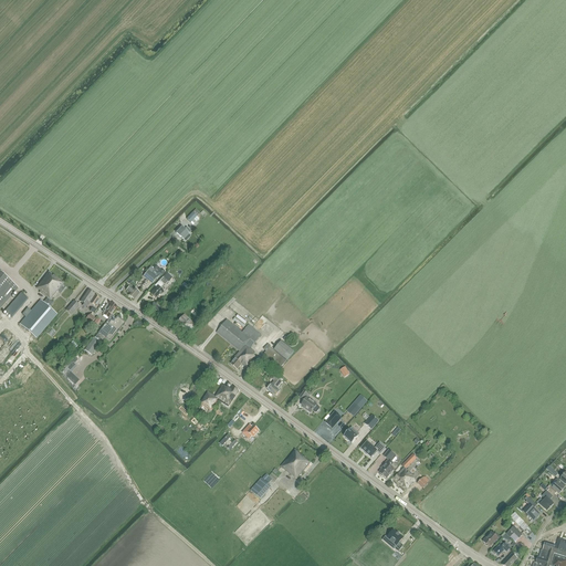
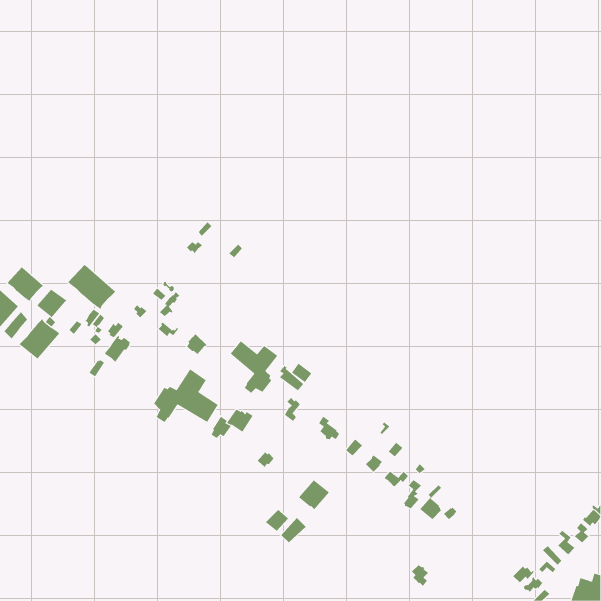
building: none -> [67,264,116,310]
building: none -> [7,266,44,302]
building: none -> [154,369,219,423]

